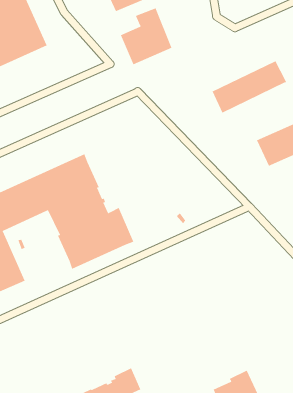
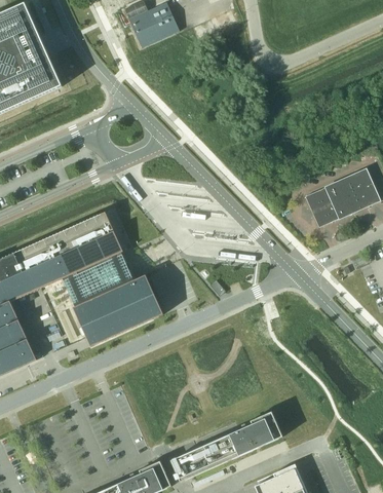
building: [120,8,172,65] -> none
building: [212,60,287,113] -> none
building: none -> [169,411,282,482]

